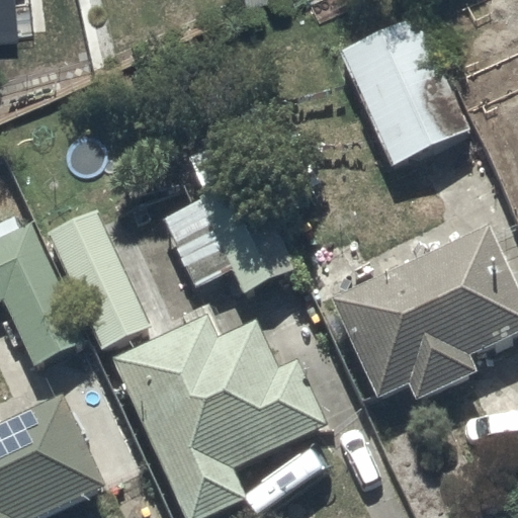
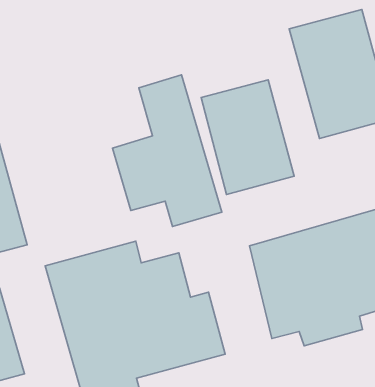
building: none -> [201,80,294,194]
building: [49,207,154,350] -> none

